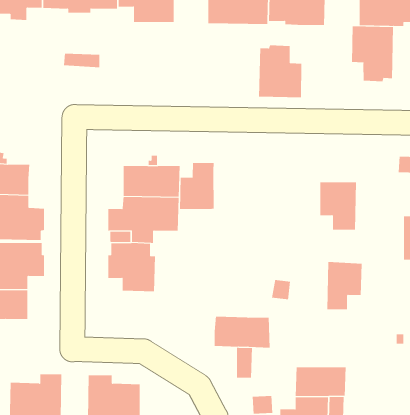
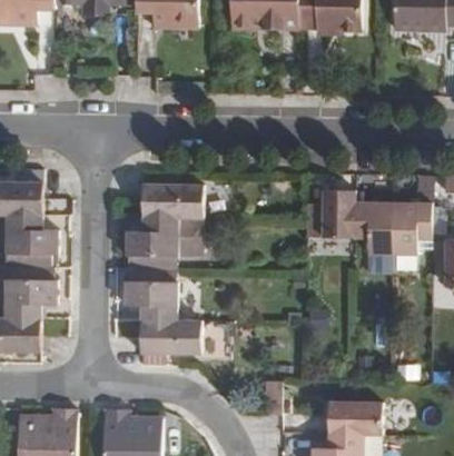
building: [352,25,394,82] -> none
building: [259,45,302,98] -> none
building: [180,162,214,210] -> none
building: none -> [306,188,354,237]
building: [326,261,362,310] -> [393,200,432,252]
building: [214,316,271,348] -> [139,318,200,353]

